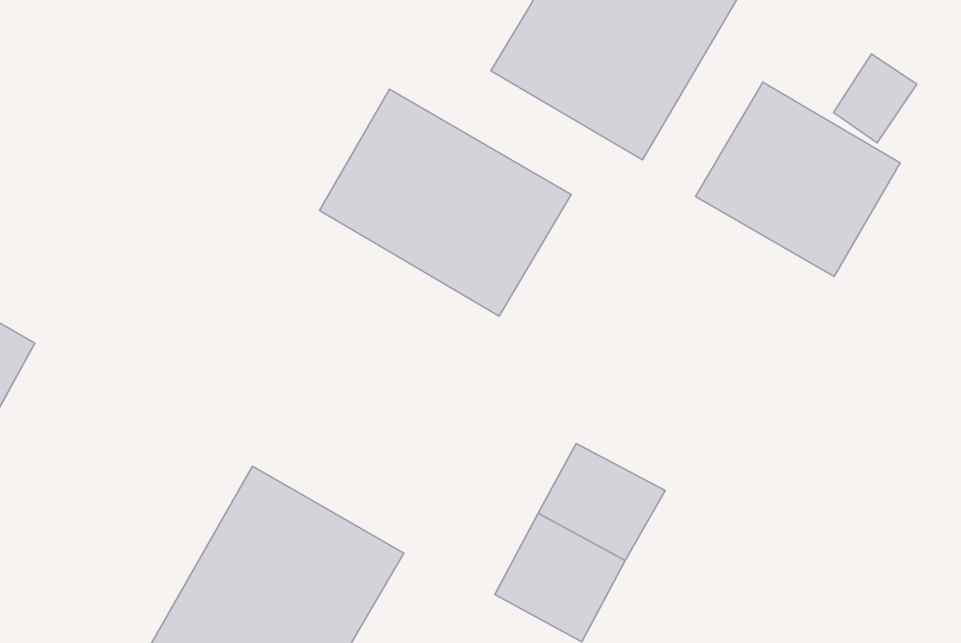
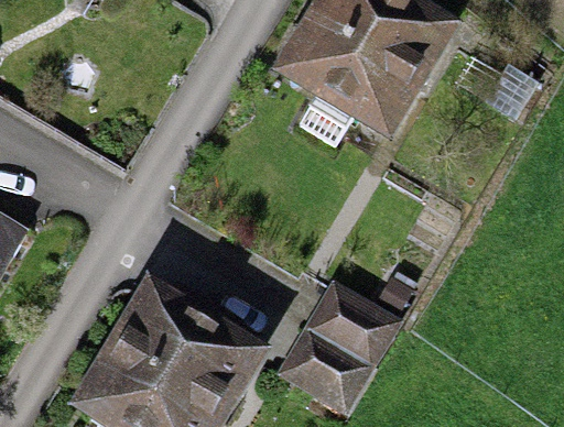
building: [696,82,900,276] -> none
building: [319,89,571,316] -> none

